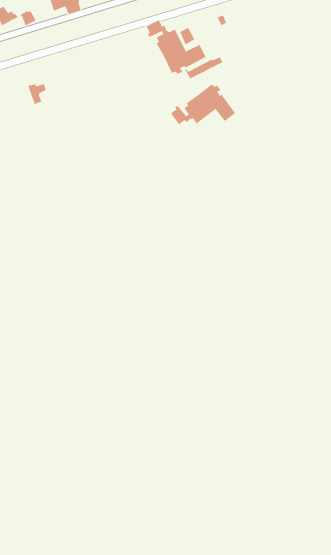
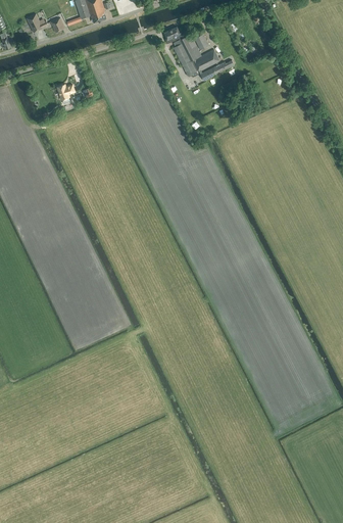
building: [170,84,236,125] -> none

